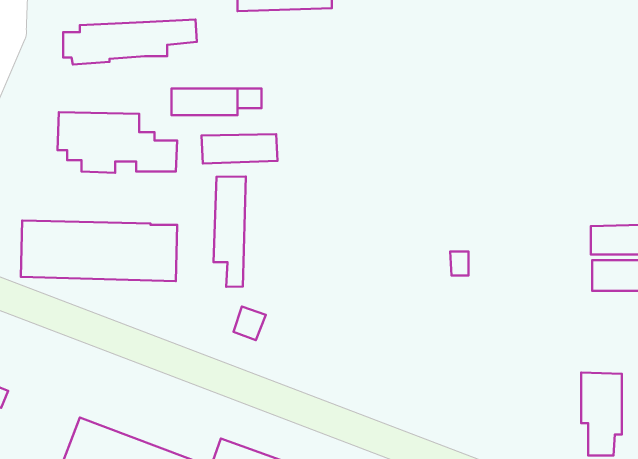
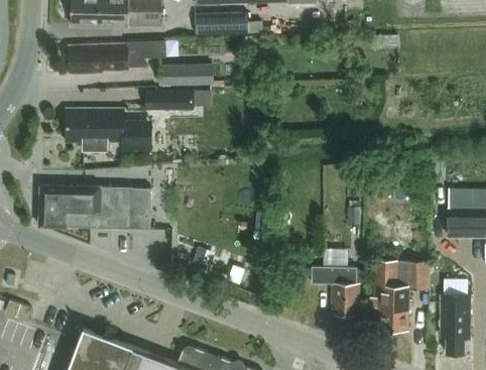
building: [201,134,277,164] -> [159,65,214,86]
building: [213,177,246,287] -> none
building: none -> [370,259,431,330]
building: none -> [312,266,359,315]

